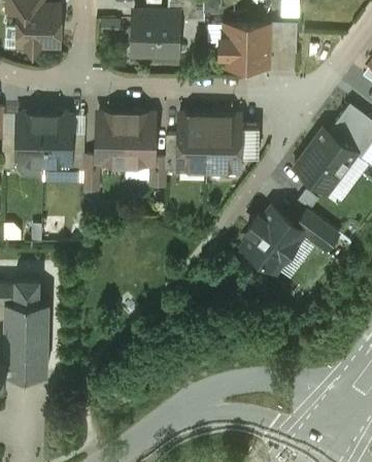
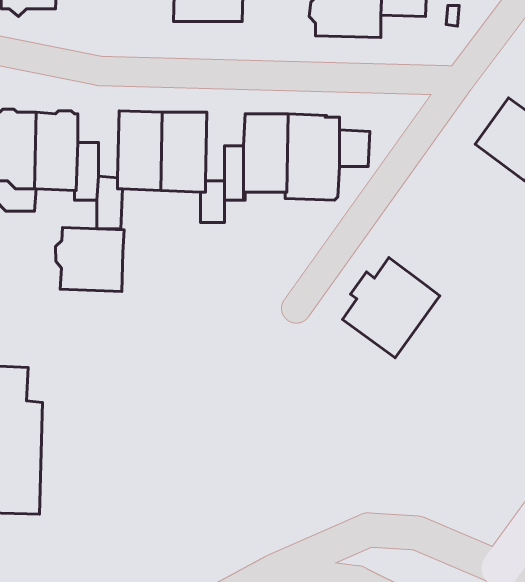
building: [294,131,356,194] -> none
building: none -> [55,227,124,292]
building: [297,211,338,253] -> none

